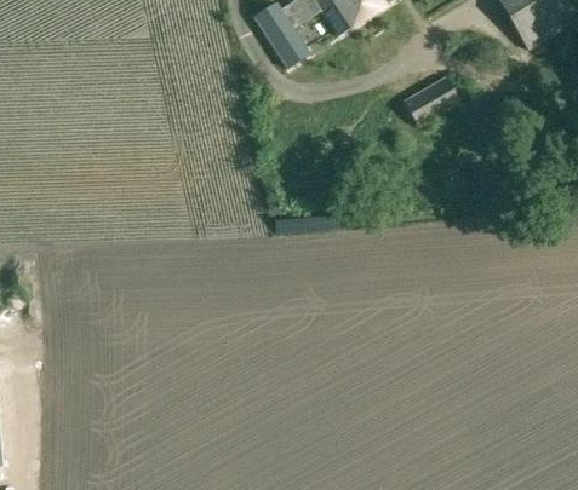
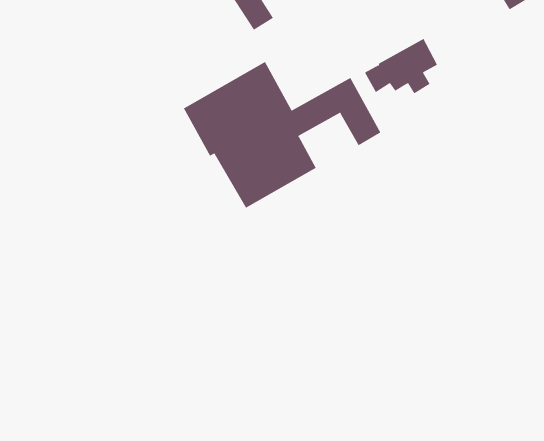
building: none -> [183,61,381,209]

